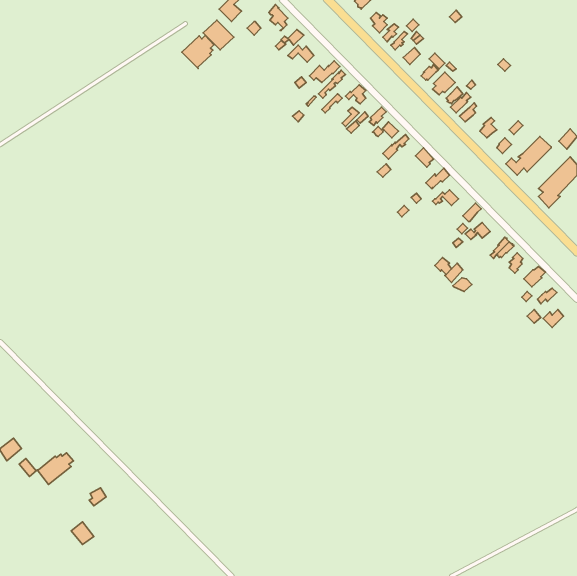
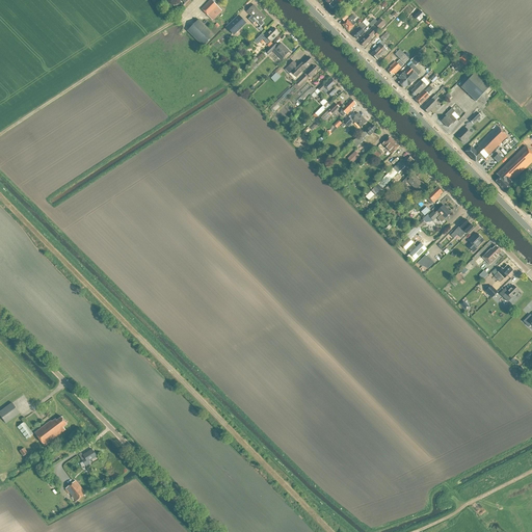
building: [182,36,214,68] -> none
building: none -> [461,72,490,101]

